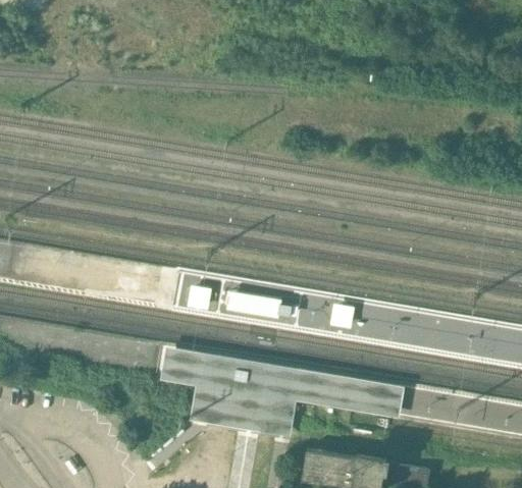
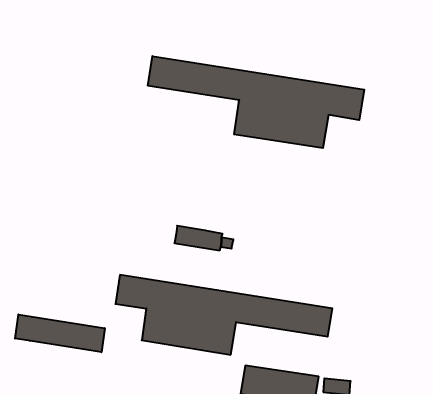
building: none -> [148,56,364,148]
building: none -> [15,314,105,352]

